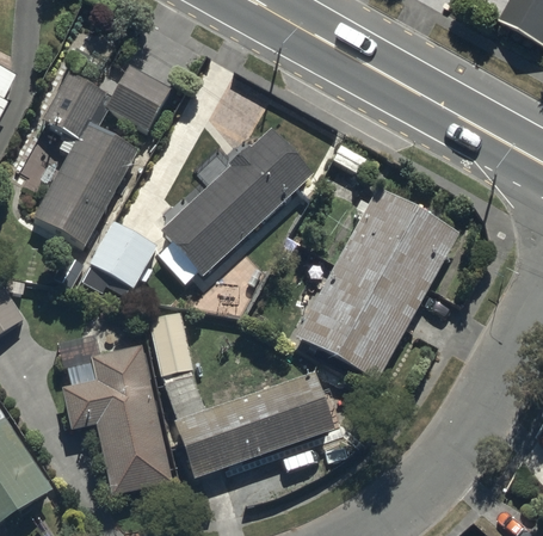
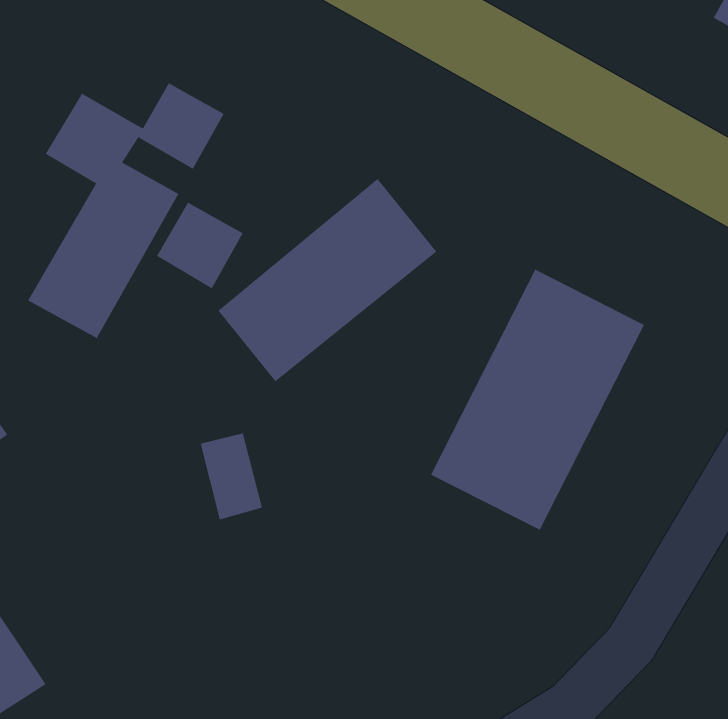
building: [94,223,154,283] -> [156,202,243,289]
building: [63,343,166,485] -> none
building: [175,369,332,470] -> none

